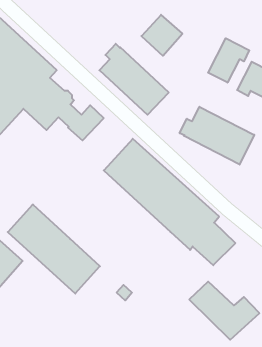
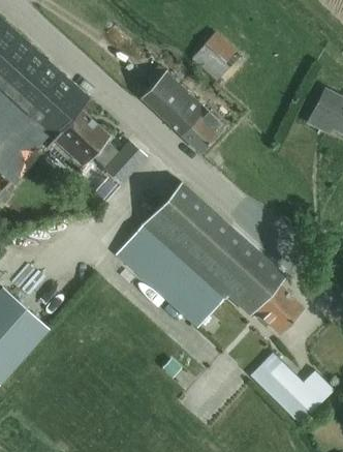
building: [208,38,249,83] -> none
building: [180,107,254,165] -> none
building: [8,205,100,294] -> [116,220,227,328]

